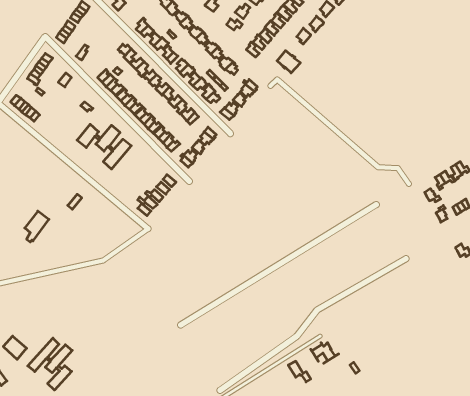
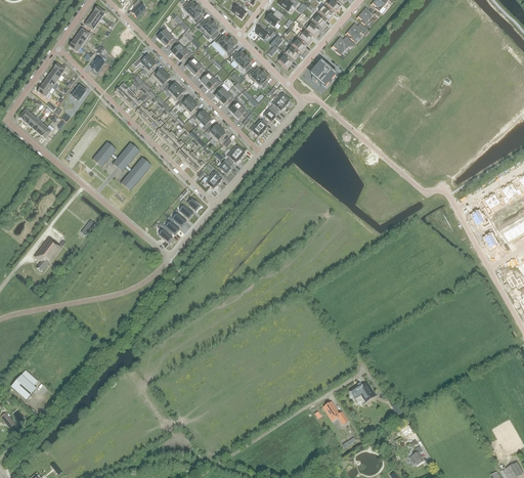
building: [28,338,72,390] -> none

